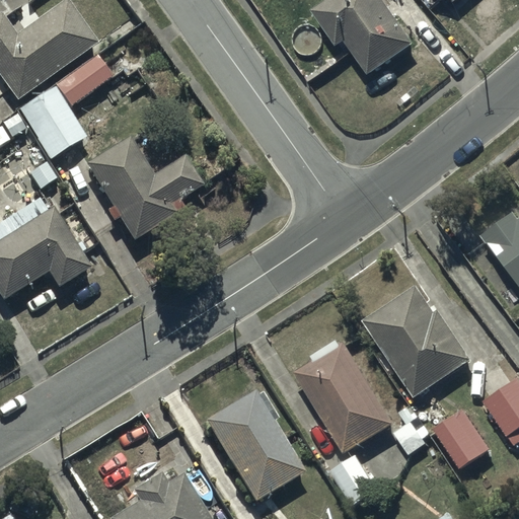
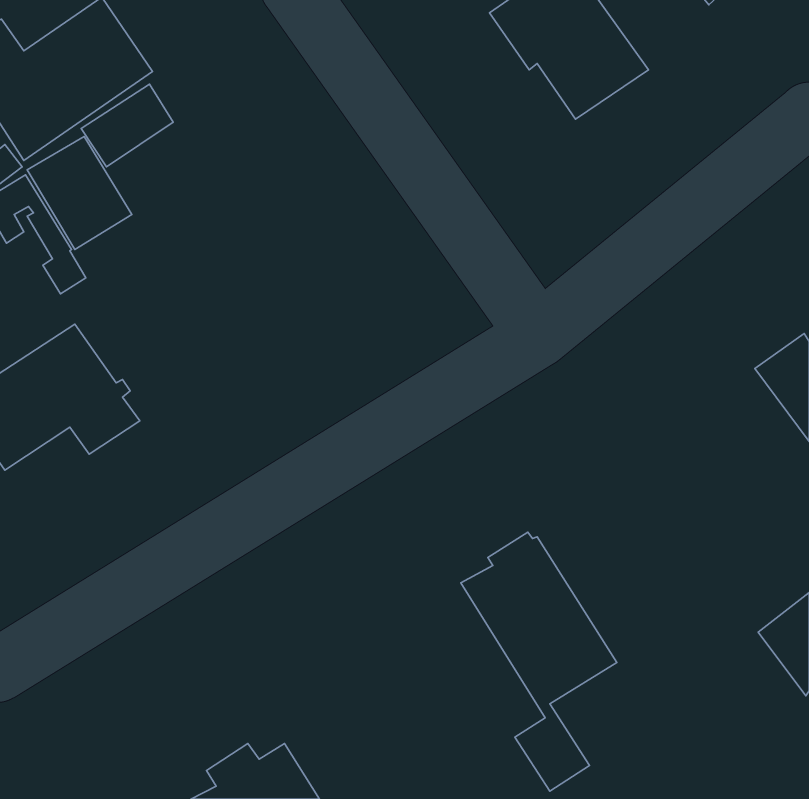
building: [82,135,205,243] -> none
building: [362,284,471,398] -> none
building: [204,389,302,502] -> none
building: [432,407,490,469] -> none

